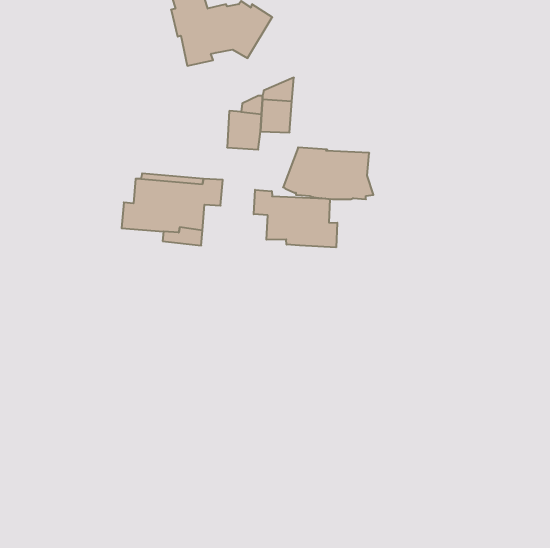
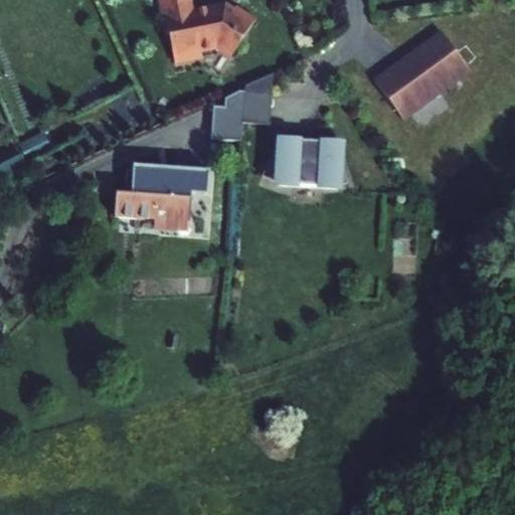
building: none -> [375,30,471,119]
building: [254,190,337,247] -> none

